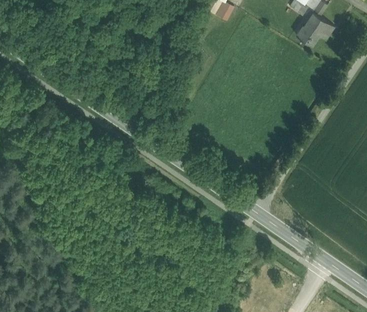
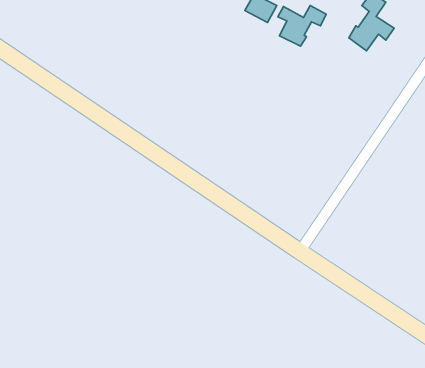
building: none -> [278,5,326,46]

